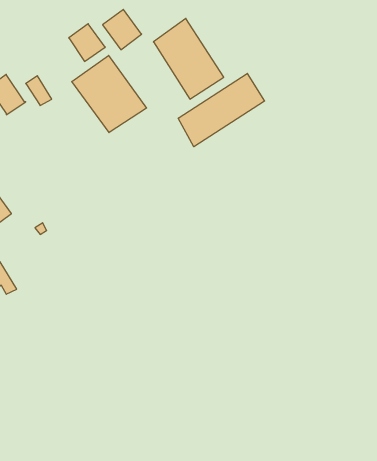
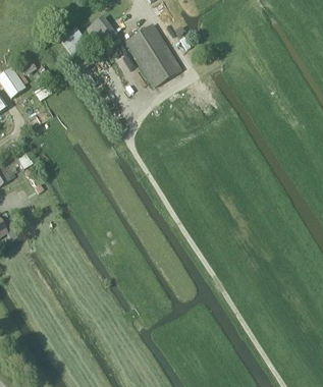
building: [72,55,147,133] -> none
building: [178,73,265,147] -> none

